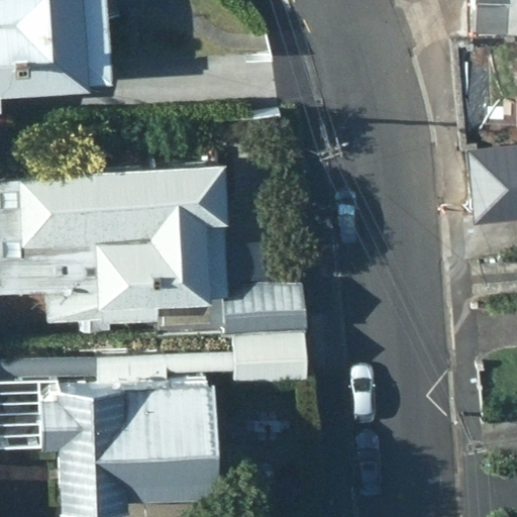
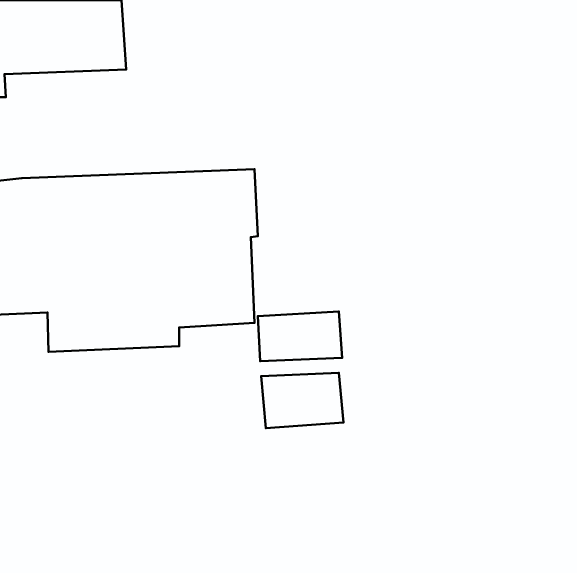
building: [44,378,221,499] -> none

